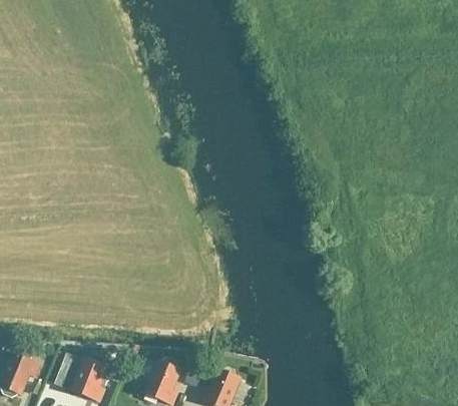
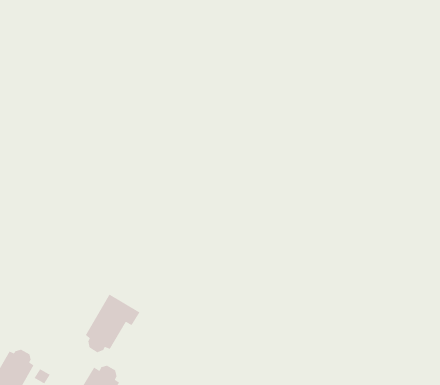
building: none -> [85,293,140,353]

